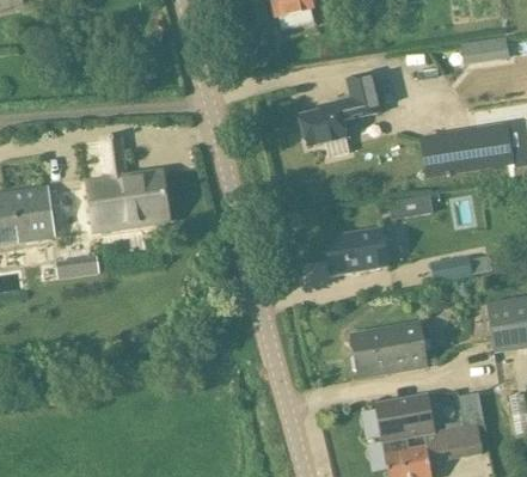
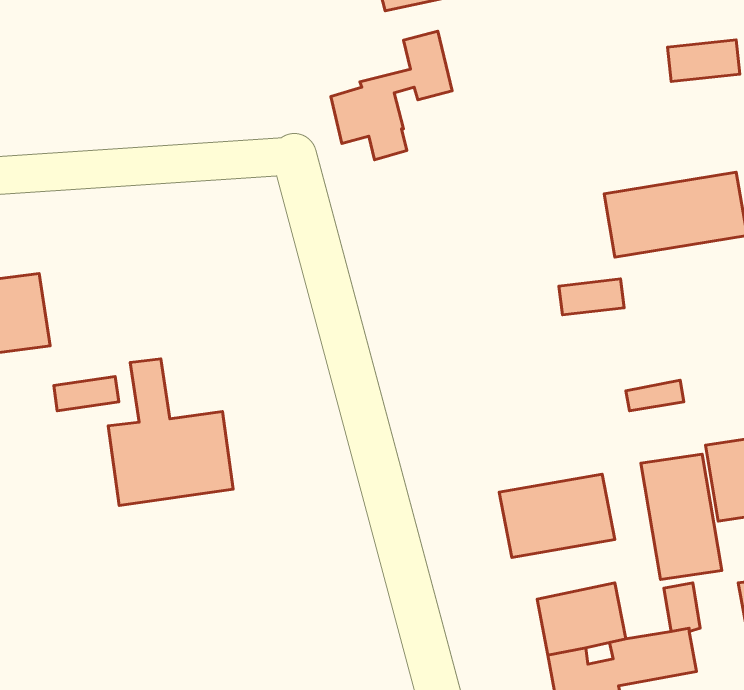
building: [299,72,379,157] -> [331,31,452,160]
building: [86,135,168,232] -> [108,359,233,506]
building: [324,227,388,275] -> none
building: none -> [641,454,722,579]

